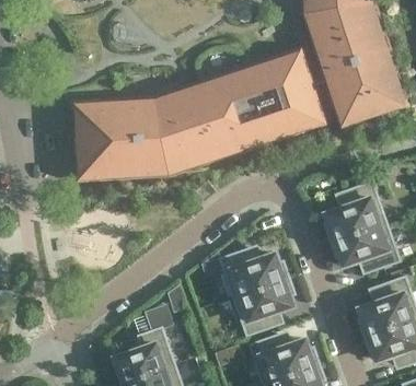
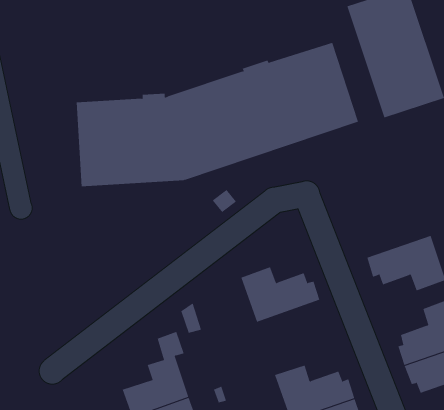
building: [322,180,385,241] -> none
building: [232,278,294,338] -> none

